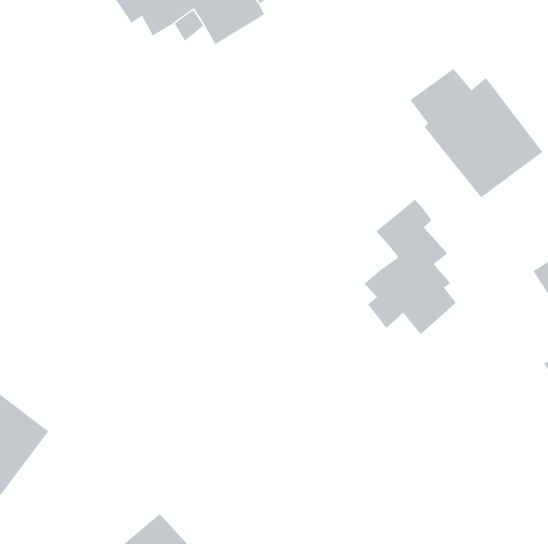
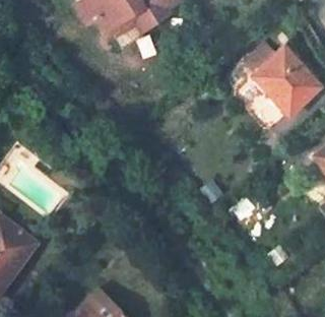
building: [364,199,457,335] -> none

